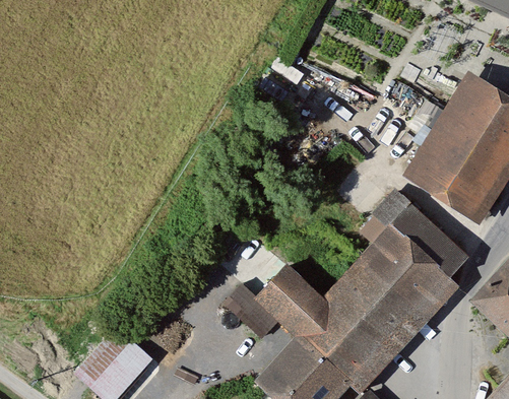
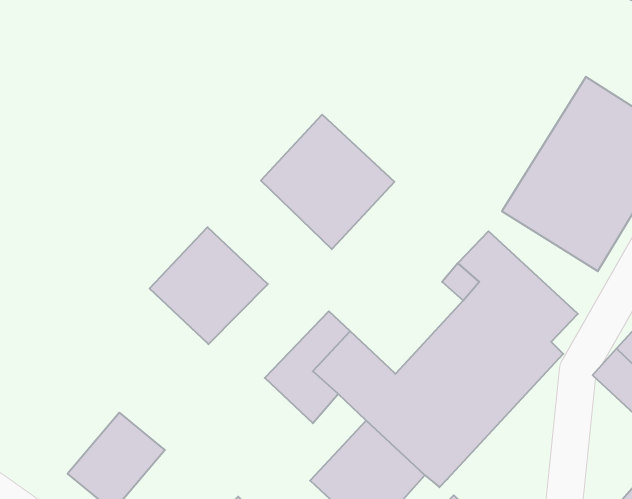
building: none -> [261,115,394,249]
building: none -> [150,227,268,344]

